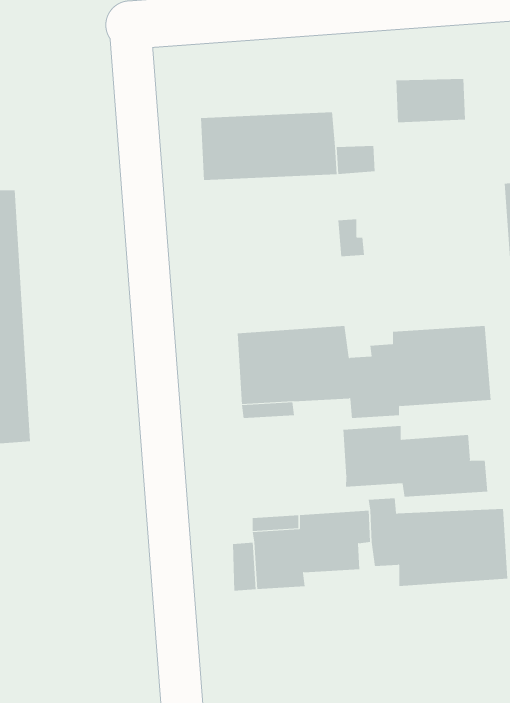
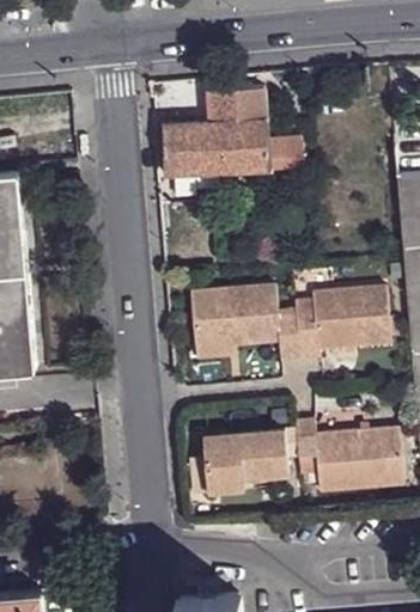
building: [396,79,466,123] -> [209,86,264,121]
building: [343,425,488,498] -> none

